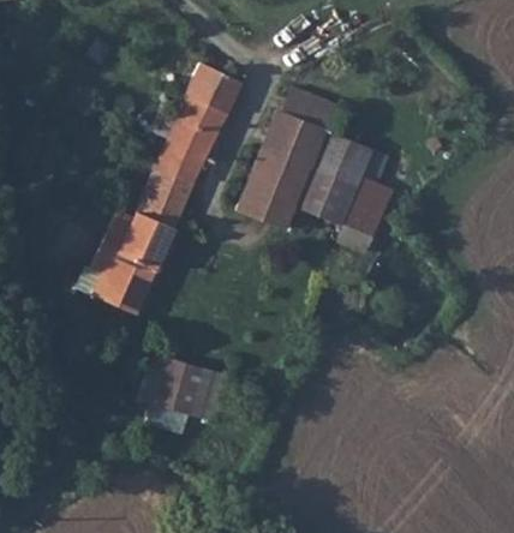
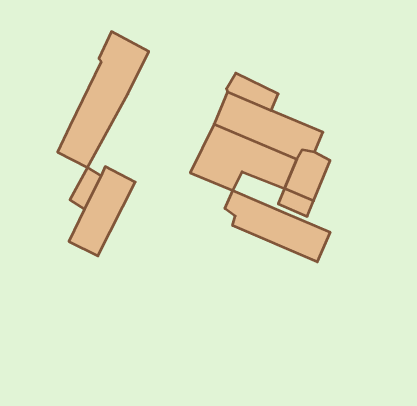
building: [137,62,243,220] -> [58,32,149,168]
building: none -> [225,190,330,262]
building: [142,361,232,431] -> none

